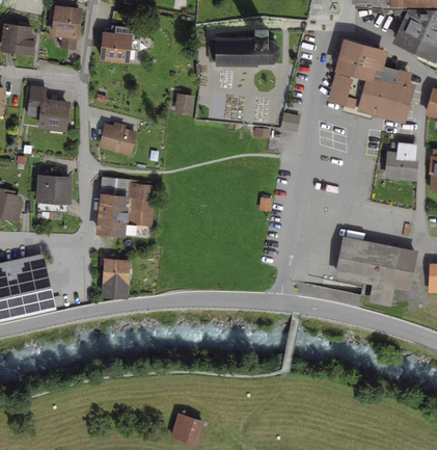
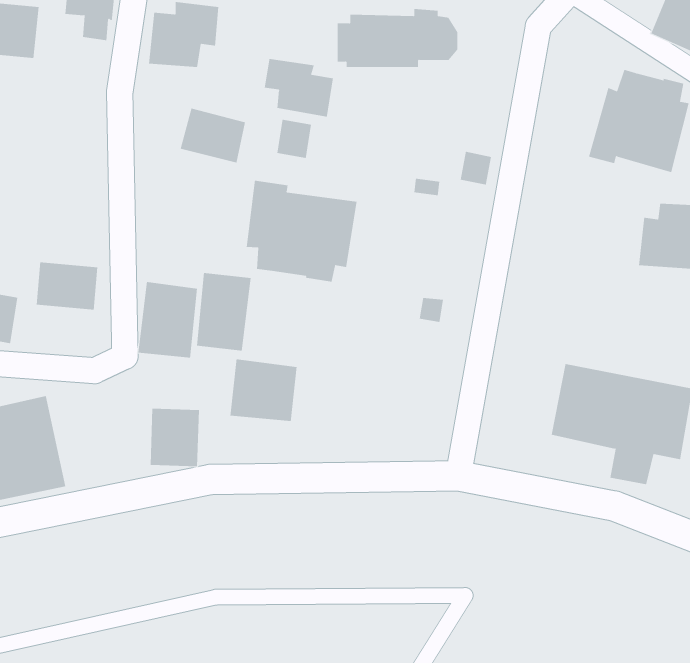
building: [328,37,389,114] -> none
building: none -> [264,58,333,118]
building: [34,99,67,132] -> none
building: [99,123,137,155] -> [180,108,246,163]
building: none -> [246,180,357,282]
building: none -> [230,359,297,422]

